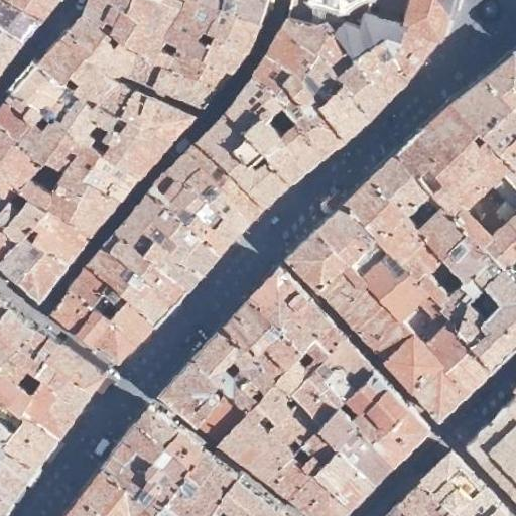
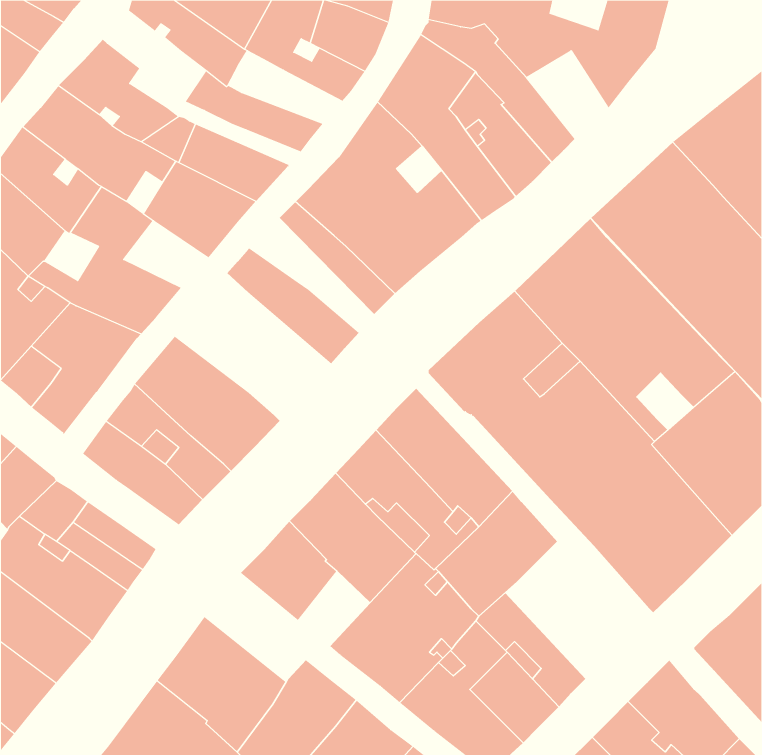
building: [70,12,139,78] -> none
building: [356,39,411,99] -> none
building: [154,46,232,89] -> none
building: [168,152,253,230] -> none
building: [84,154,141,200] -> none
building: [118,189,224,289] -> none
building: [350,371,430,464] -> none
building: [202,391,250,441] -> none
building: [138,405,207,466] -> none

